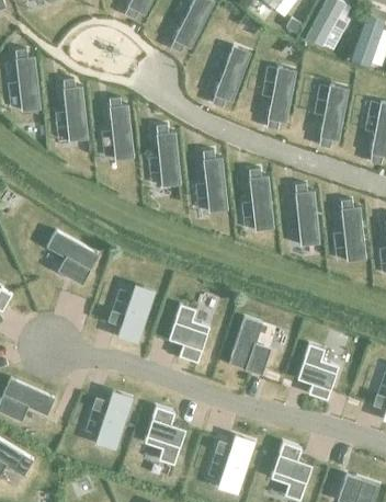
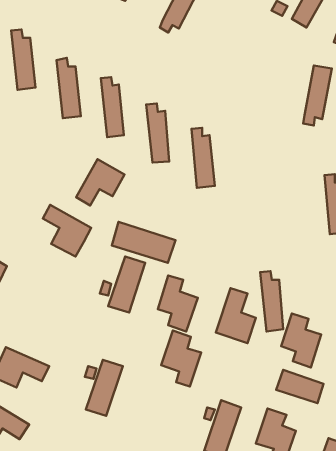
building: [211,46,249,107] -> none
building: [265,68,295,129] -> none
building: [248,168,272,230] -> none
building: none -> [76,159,125,205]
building: [294,183,318,246] -> [260,271,283,331]
building: none -> [112,222,176,263]
building: none -> [276,370,324,403]
building: [143,406,184,464] -> [161,330,201,386]

